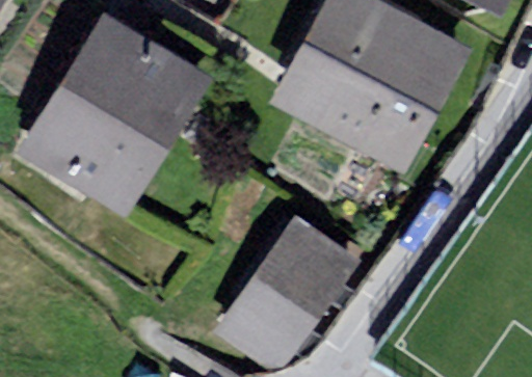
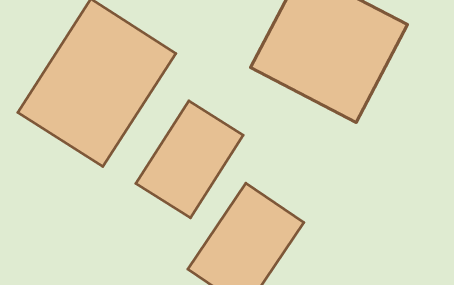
building: none -> [136,101,243,218]

